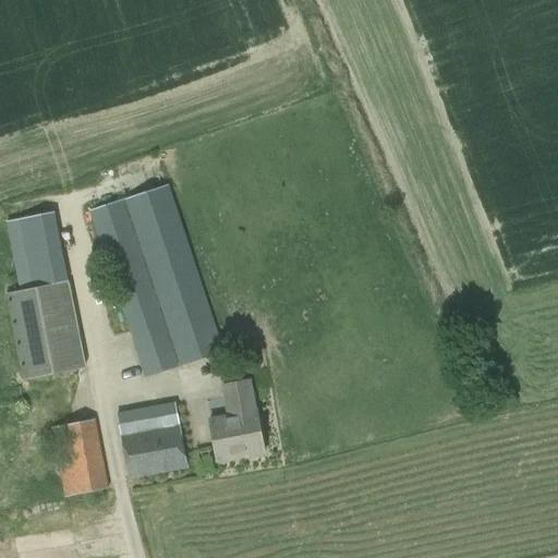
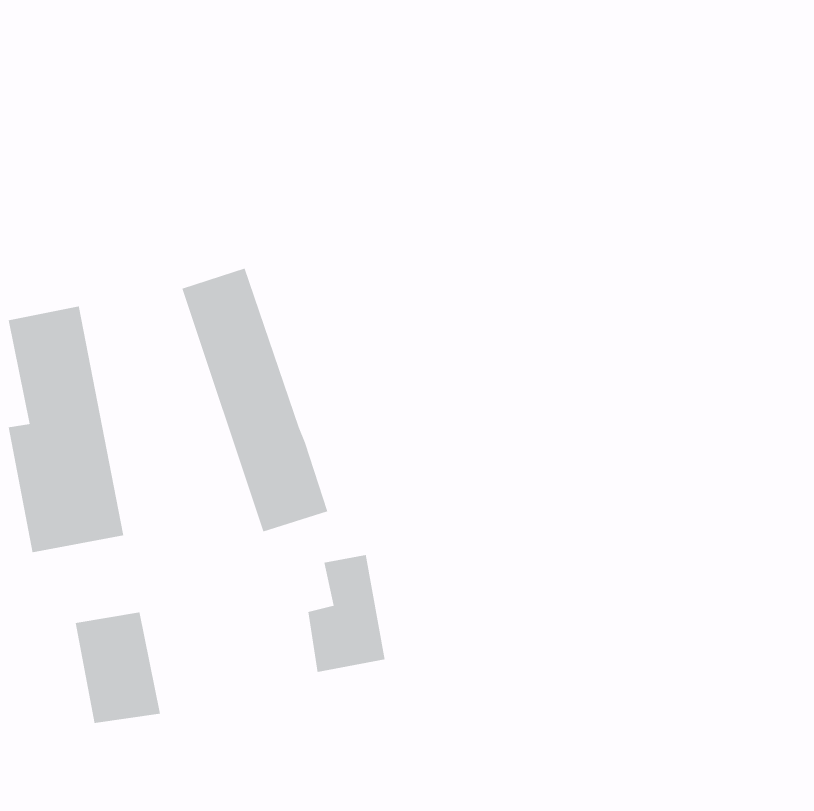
building: [89,198,178,375] -> none
building: [116,400,187,477] -> none

